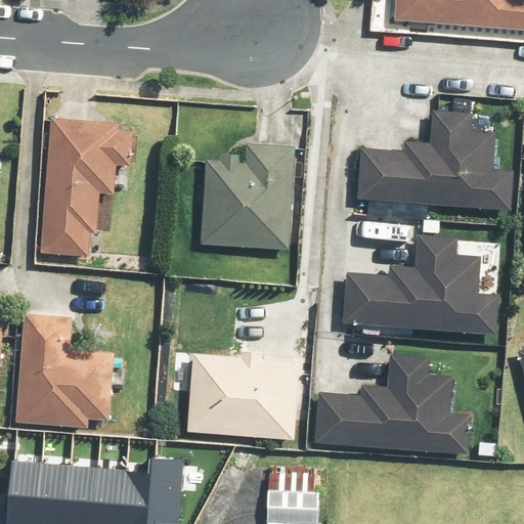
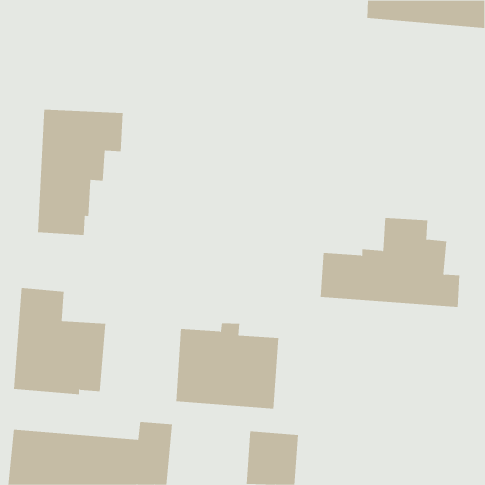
building: [356,110,514,209] -> none
building: [203,141,295,250] -> none
building: [313,351,473,453] -> none

